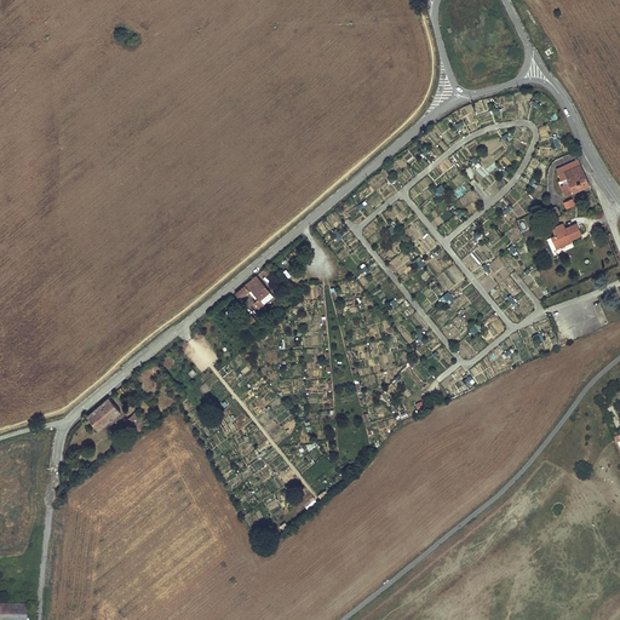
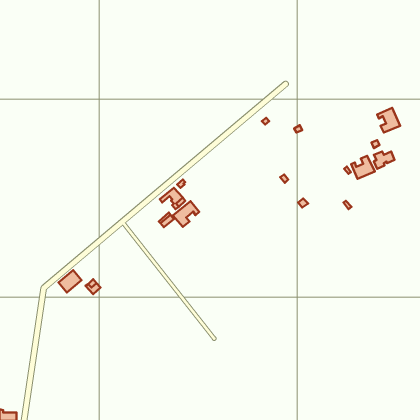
building: none -> [351,156,375,179]
building: none -> [173,201,199,227]

